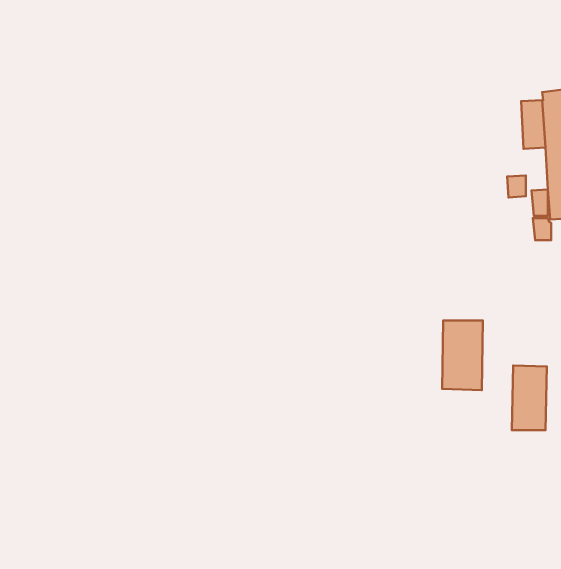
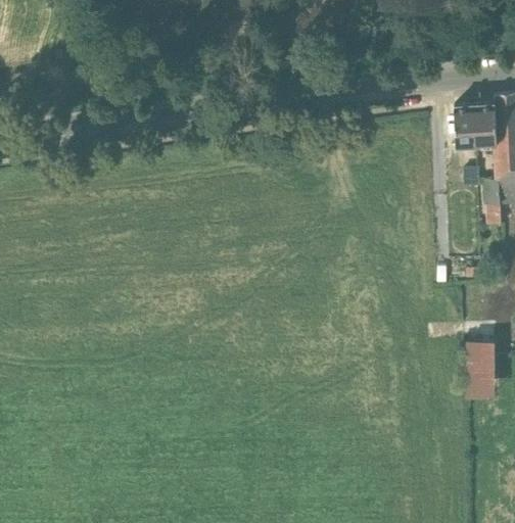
building: none -> [455,104,477,146]
building: [442,321,483,390] -> none

